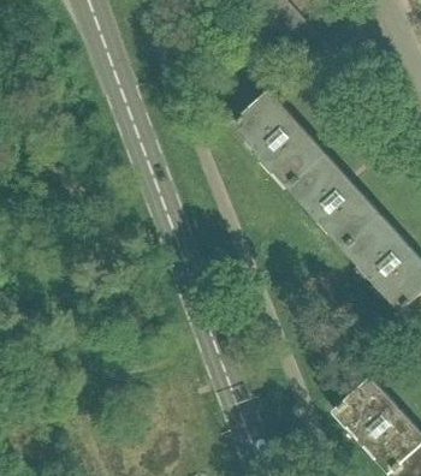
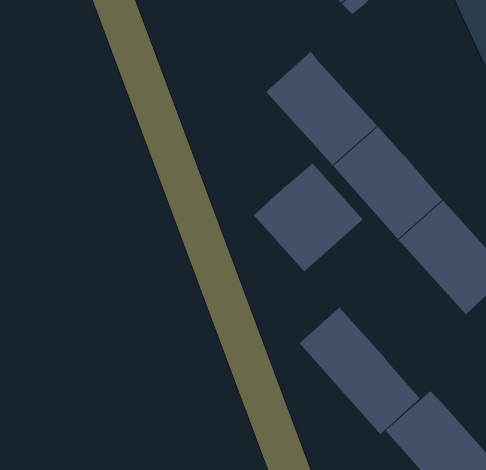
building: none -> [253,162,363,272]
building: none -> [299,307,421,435]

